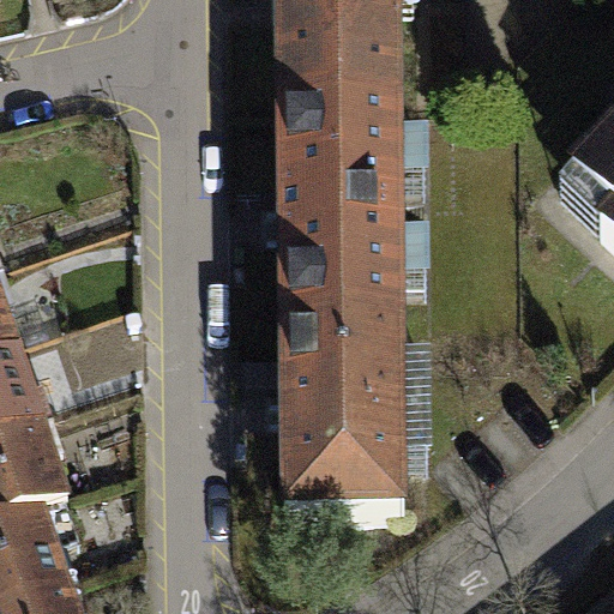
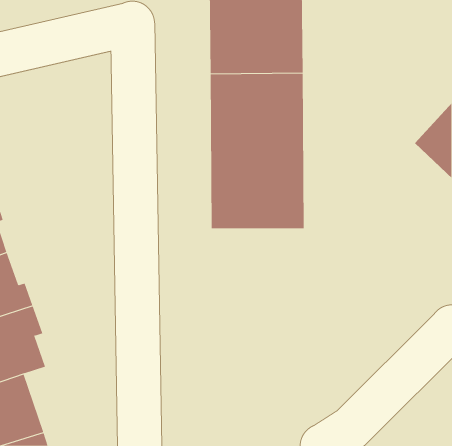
building: [281,305,407,512] -> none

